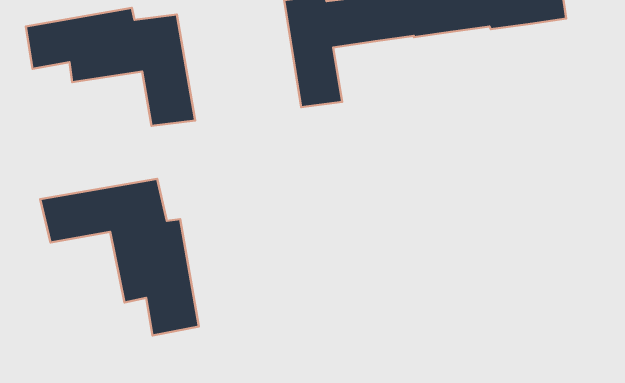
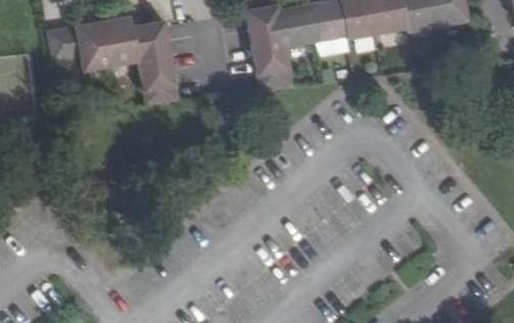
building: [40,179,199,335] -> none

